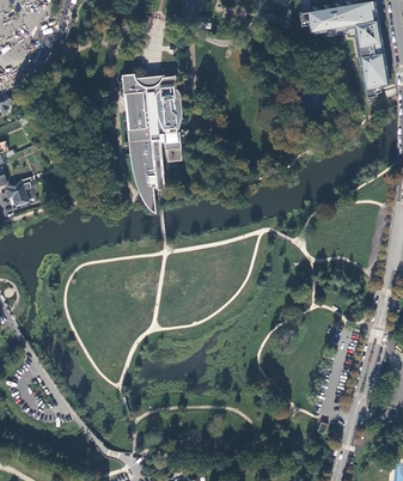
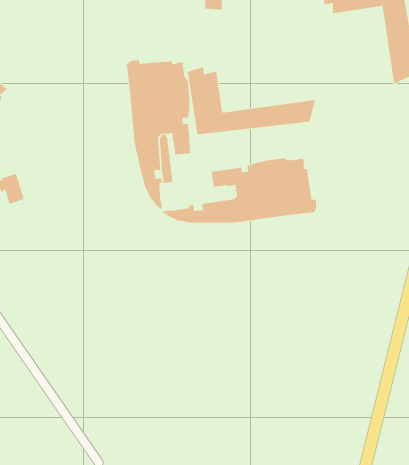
building: none -> [187,66,316,135]
building: none -> [161,157,317,223]

